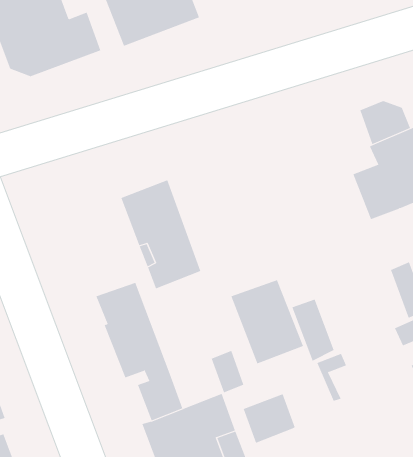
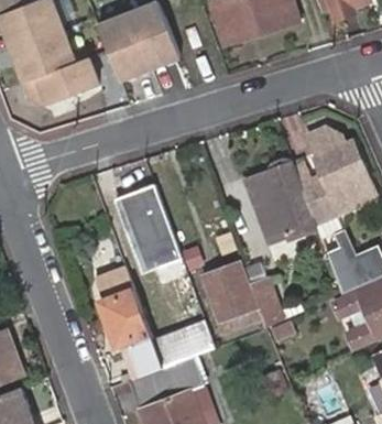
building: none -> [249,162,318,246]
building: [243,393,296,443] -> [155,328,197,368]

